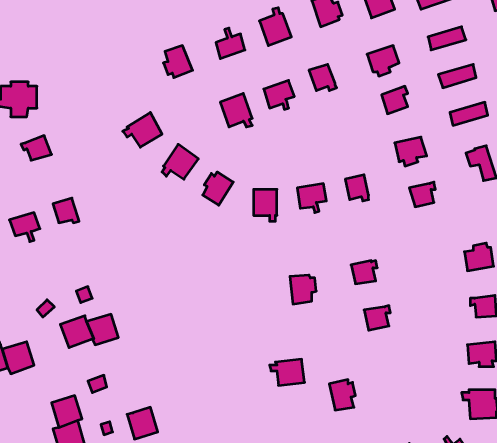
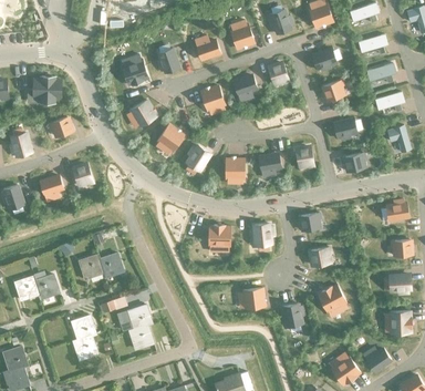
building: none -> [122,54,148,85]
building: none -> [208,225,230,251]
building: none -> [318,285,348,312]
building: none -> [118,305,151,330]

